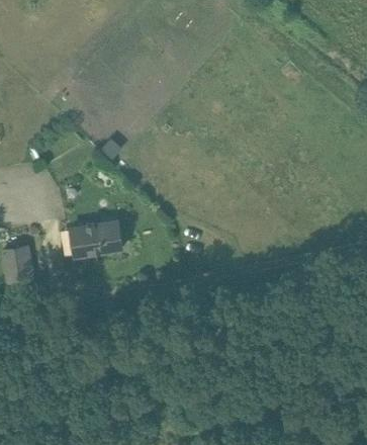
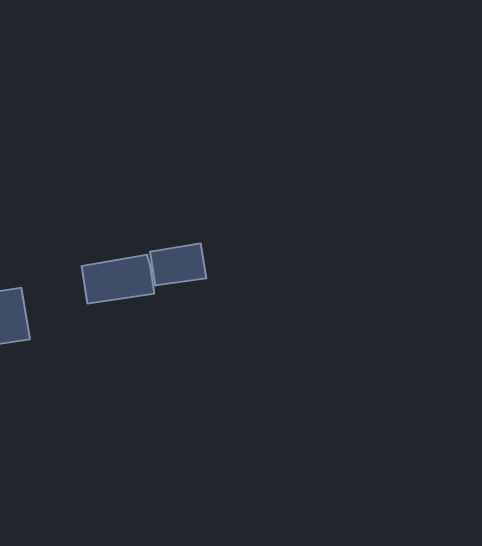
building: none -> [150,243,206,286]

